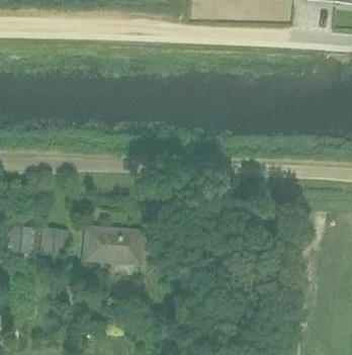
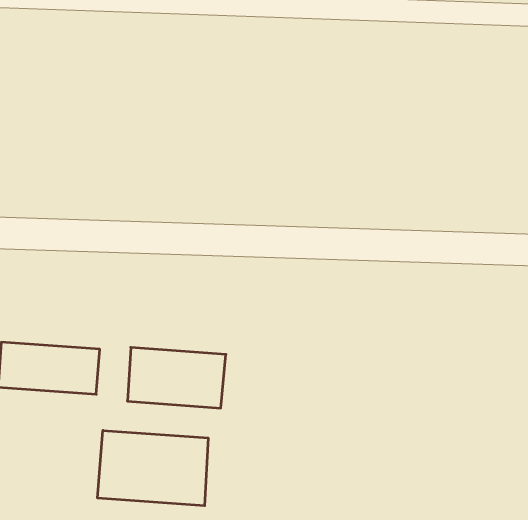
building: none -> [98,430,208,506]

